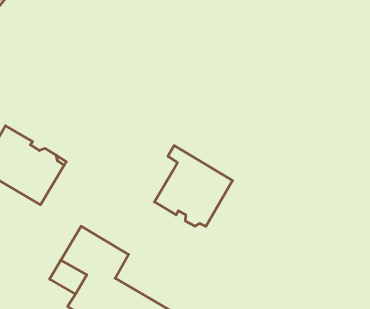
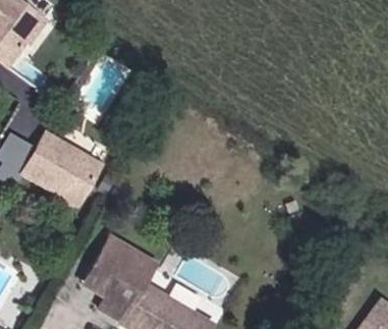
building: [154,146,233,226] -> none

